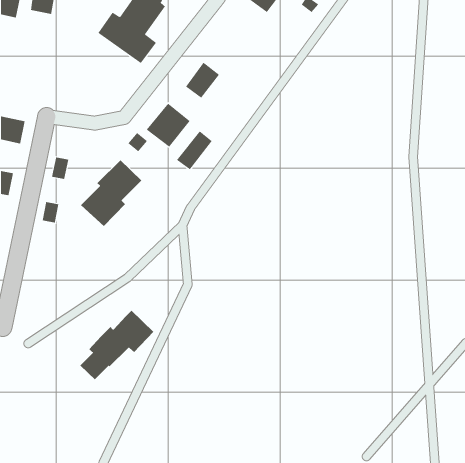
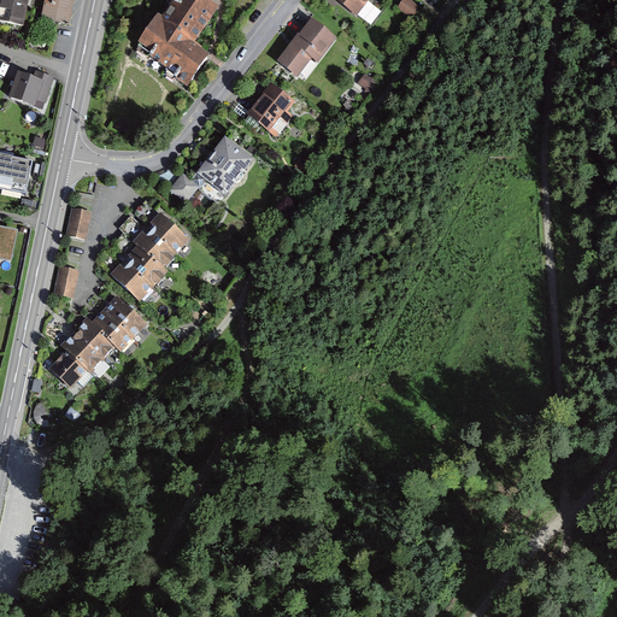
building: none -> [276,19,335,77]
building: none -> [11,71,59,105]
building: [176,130,212,170] -> none
building: [79,310,154,380] -> [47,294,146,387]

